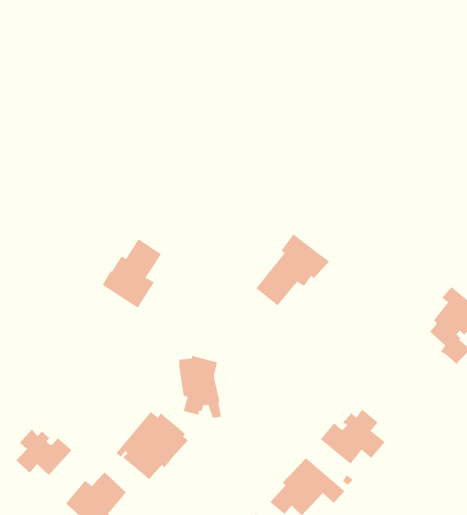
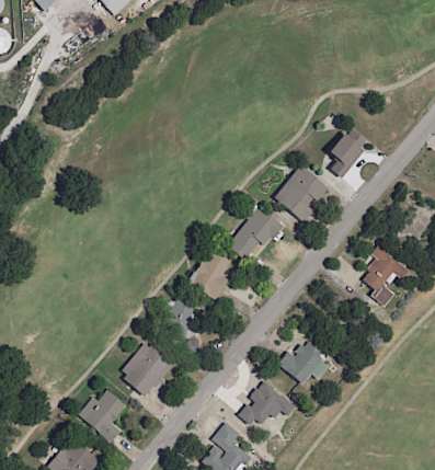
building: none -> [325,128,367,179]
building: none -> [273,164,330,222]
building: [102,239,162,309] -> [187,247,234,301]
building: [16,429,72,476] -> none

